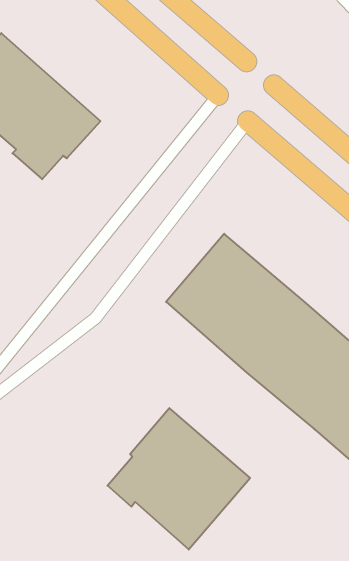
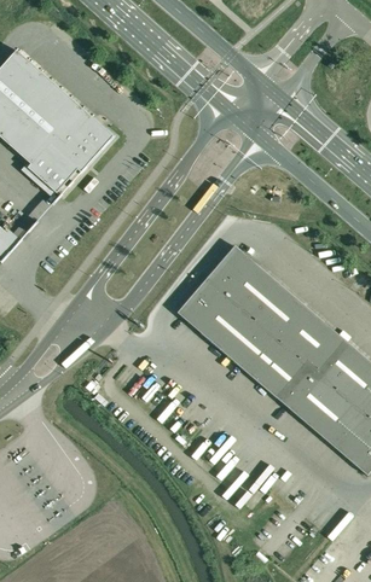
building: [107,408,250,550] -> none

